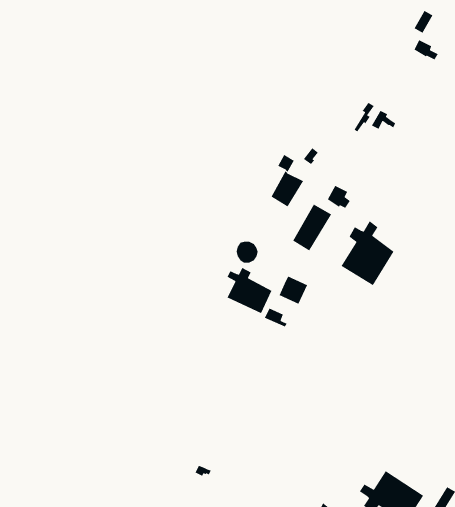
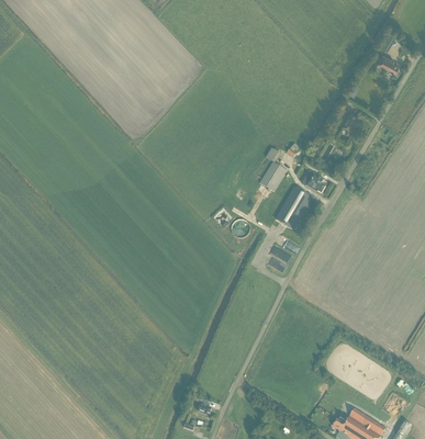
building: [341,220,394,286] -> none
building: [227,267,272,314] -> none

